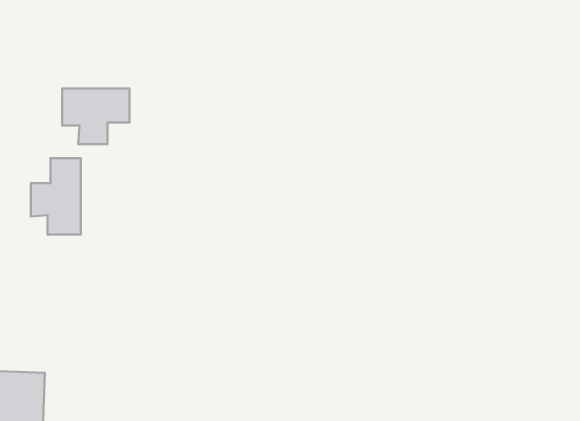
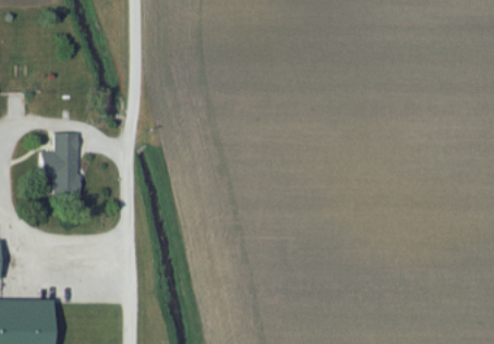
building: [62,88,129,144] -> none

